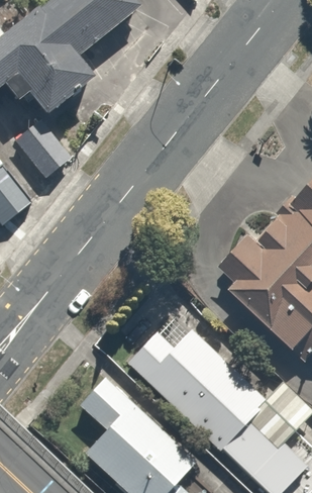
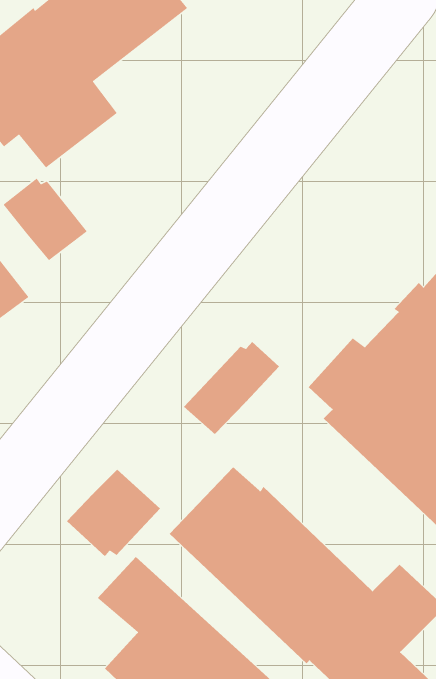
building: none -> [183,341,280,435]
building: none -> [66,469,161,557]

